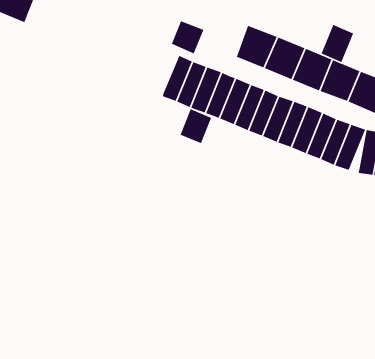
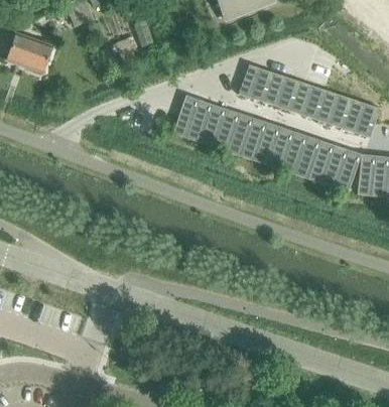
building: [171,20,204,54] -> none
building: [320,24,354,63] -> none
building: [179,108,212,144] -> none

